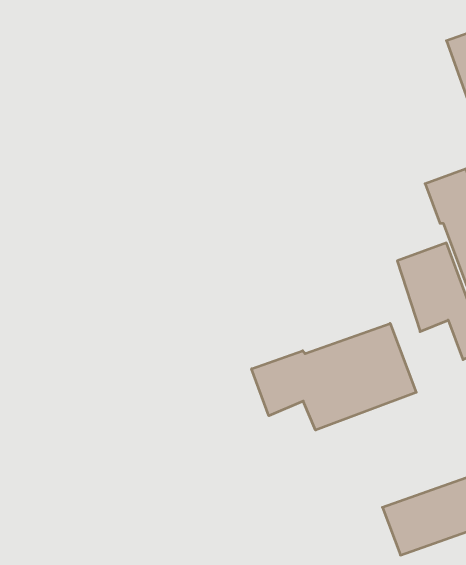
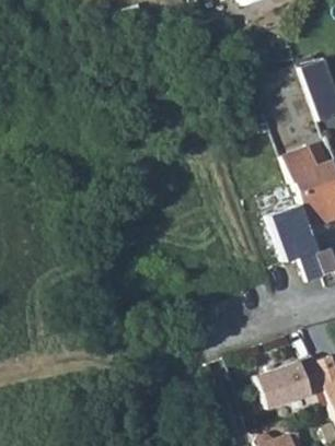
building: [252,323,416,430] -> none

